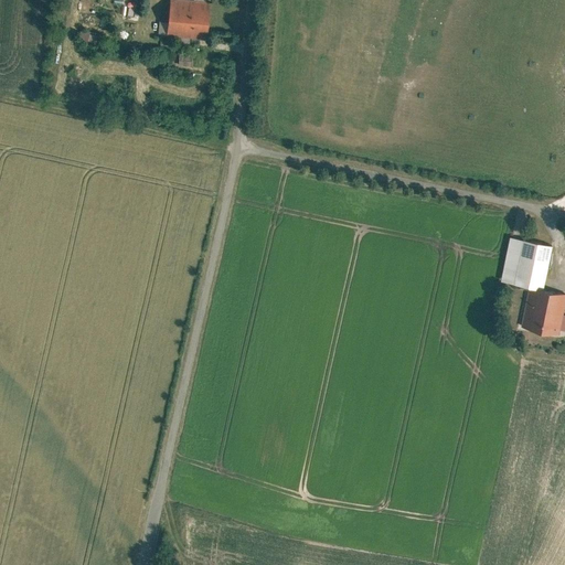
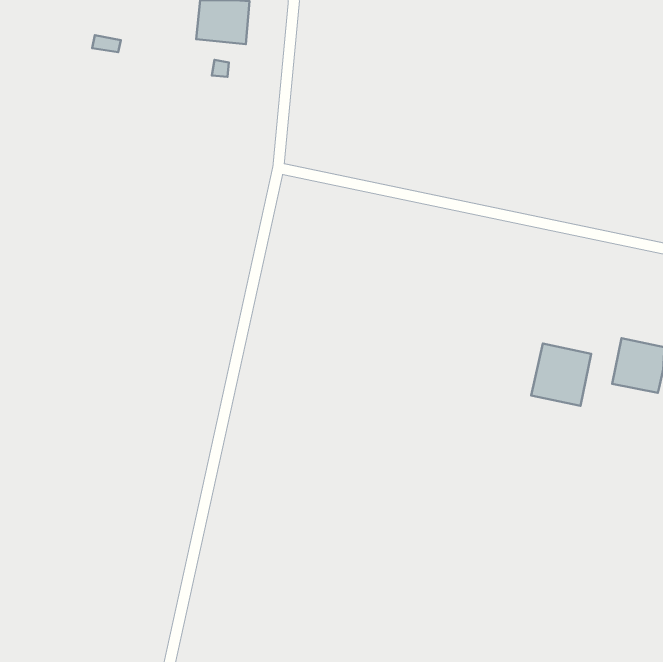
building: [500,237,551,290] -> [531,344,591,406]

